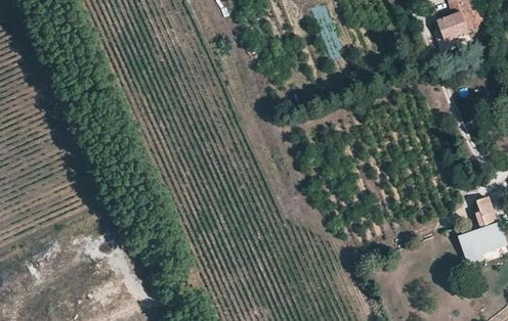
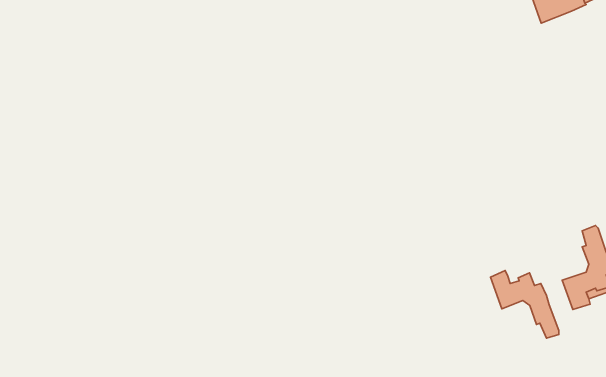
building: none -> [490,271,559,338]

